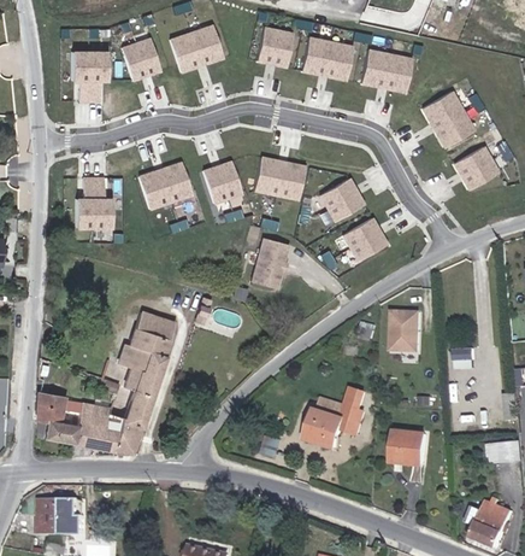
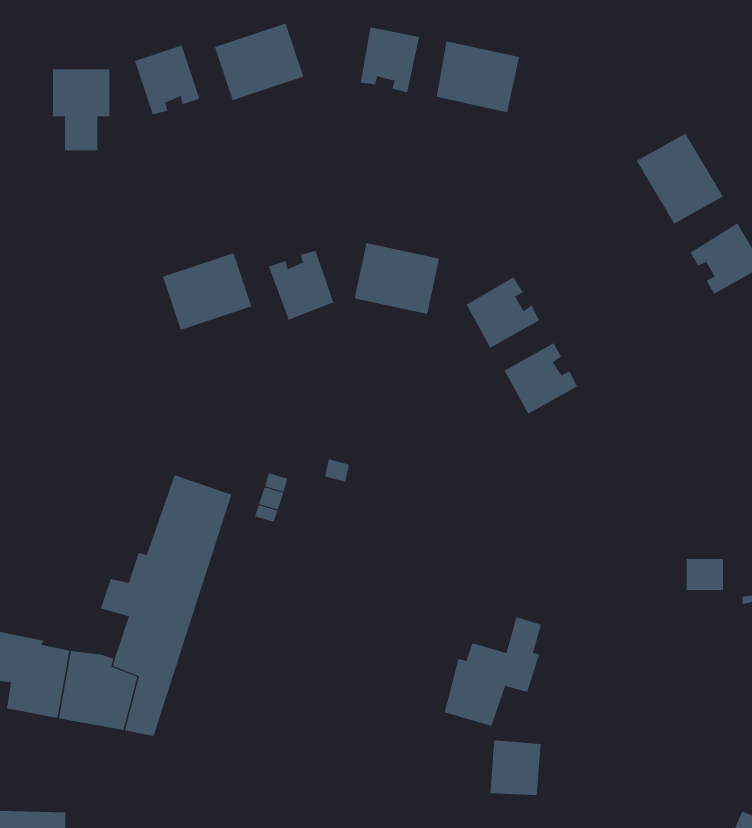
building: [361,47,412,90] -> none
building: [76,178,111,228] -> none
building: [252,238,289,288] -> none
building: [391,314,420,352] -> none
building: [394,432,425,466] -> [490,740,542,796]

